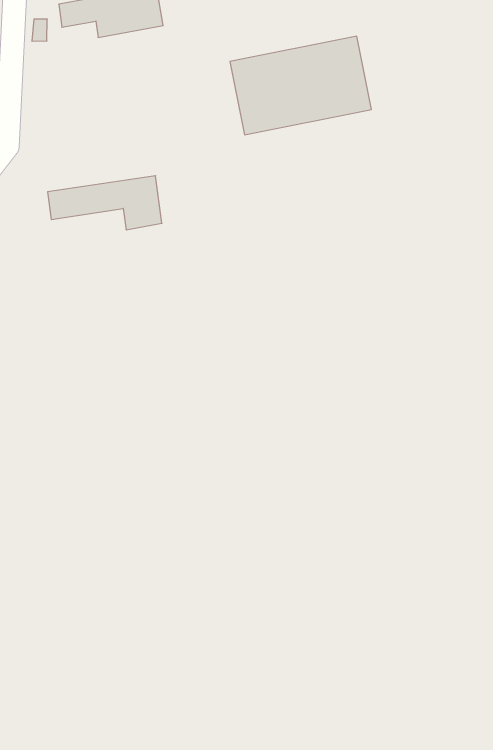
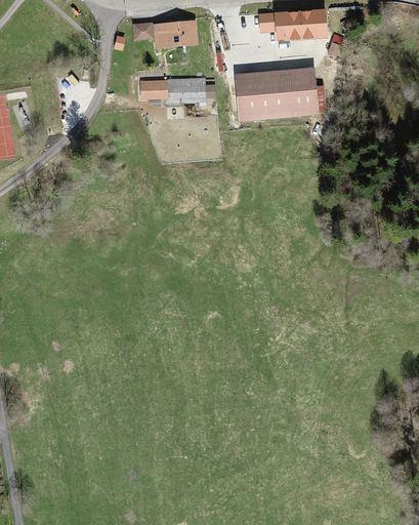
building: [48,176,162,230] -> [139,80,207,111]

